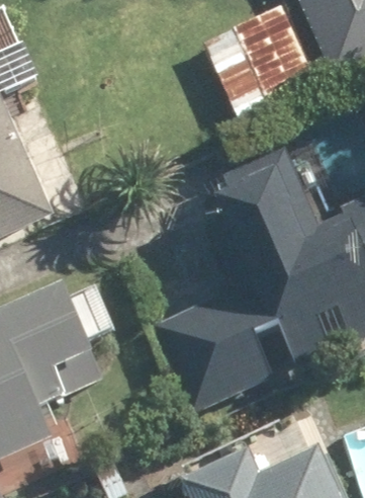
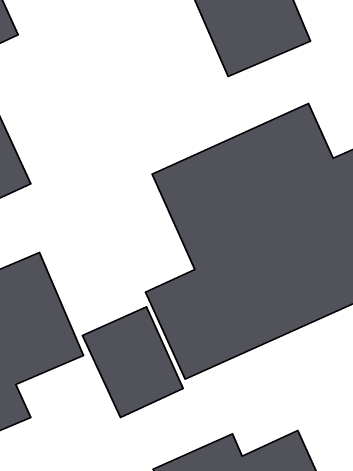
building: none -> [82,307,183,417]

